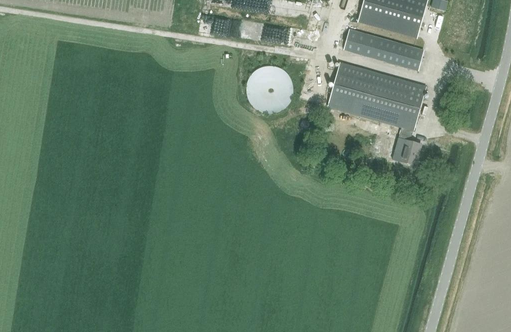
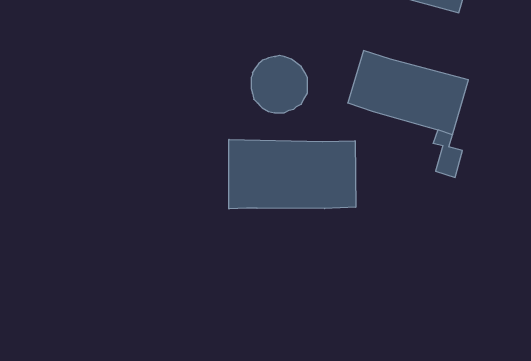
building: [342,29,422,71] -> none
building: none -> [229,139,356,209]

